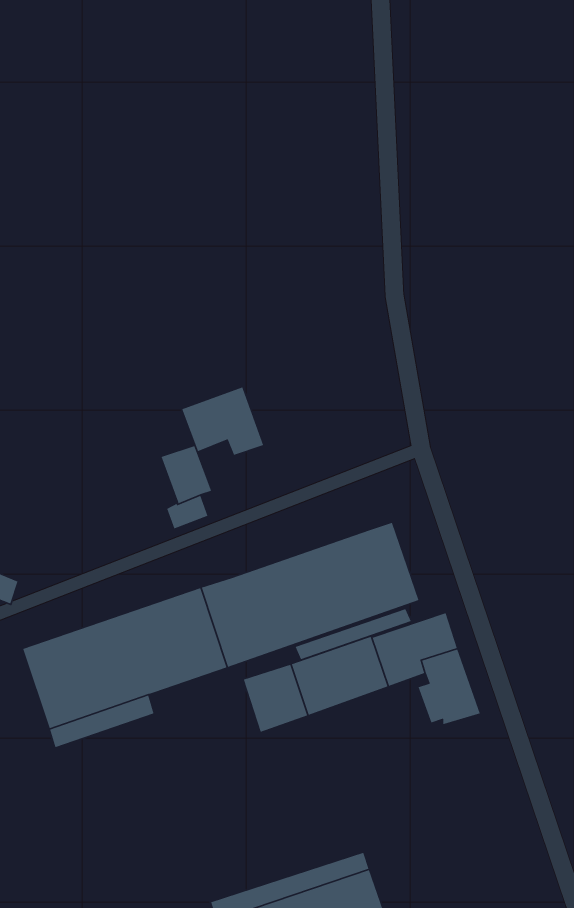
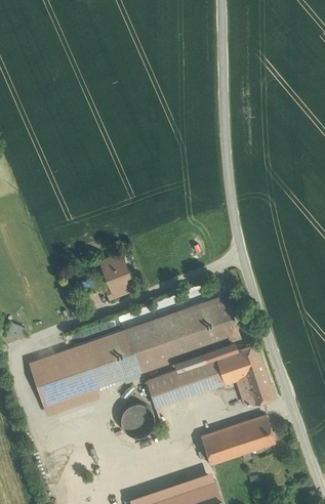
building: [181,386,264,456] -> none
building: none -> [120,405,153,437]
building: none -> [199,416,274,465]

